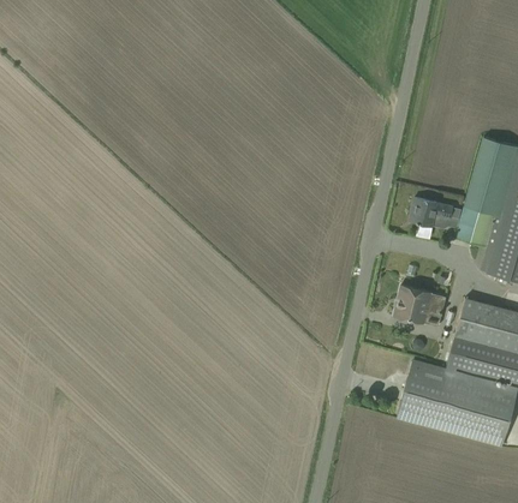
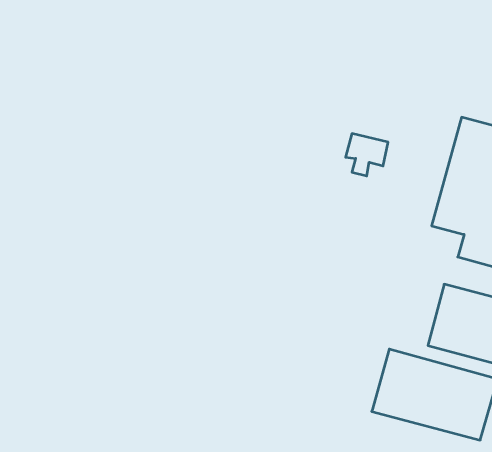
building: [411,198,452,239] -> [346,134,388,176]
building: [395,286,448,328] -> none

